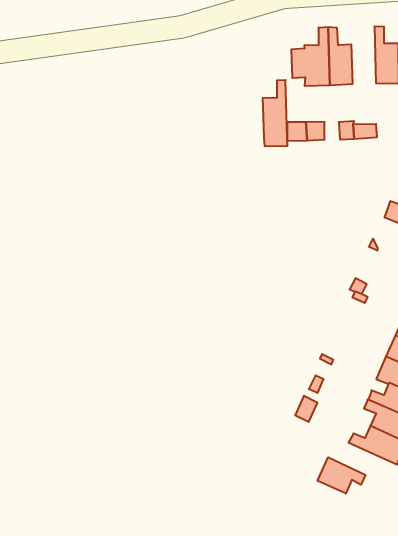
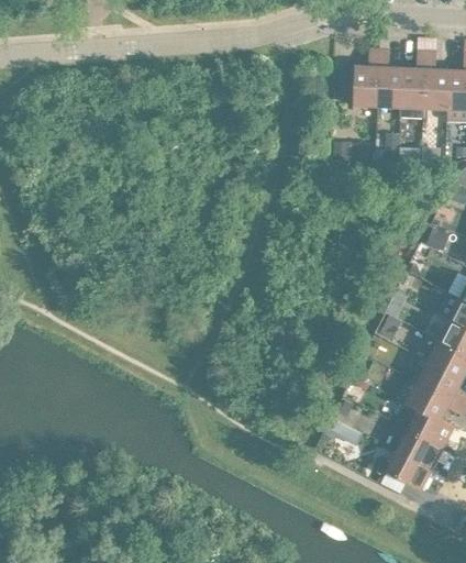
building: [263,80,288,146] -> [401,51,426,117]
building: [318,457,366,494] -> none

